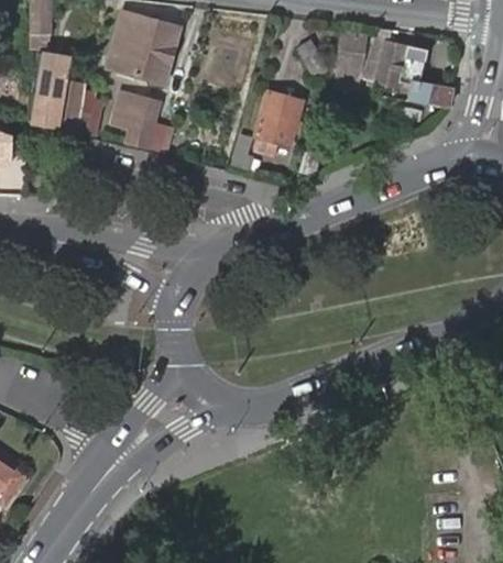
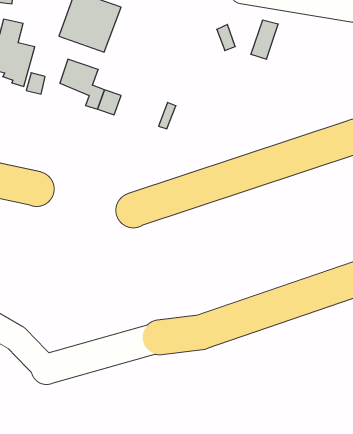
building: [368,29,450,108] -> none
building: [254,91,300,144] -> none

